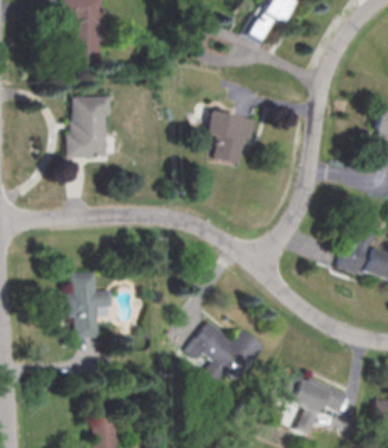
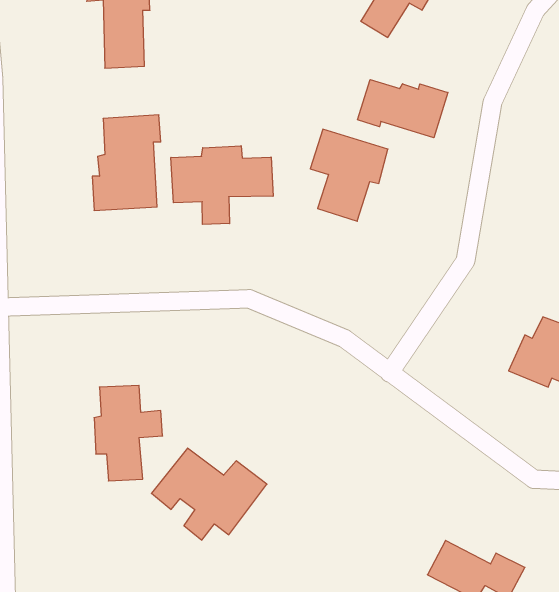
building: none -> [357,80,448,138]
building: none -> [171,146,273,224]
building: [187,320,263,380] -> [151,448,267,540]

